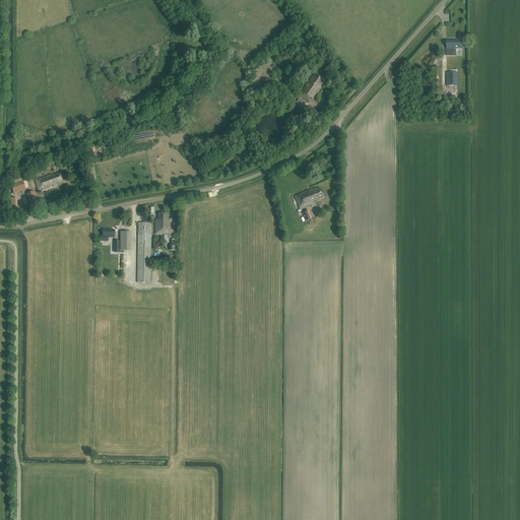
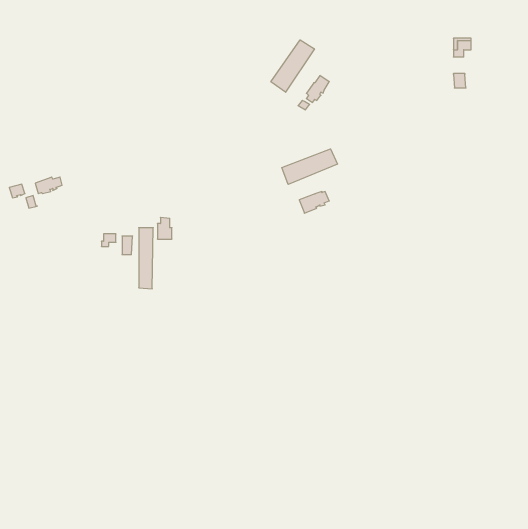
building: none -> [271,40,314,92]
building: none -> [282,149,337,184]

